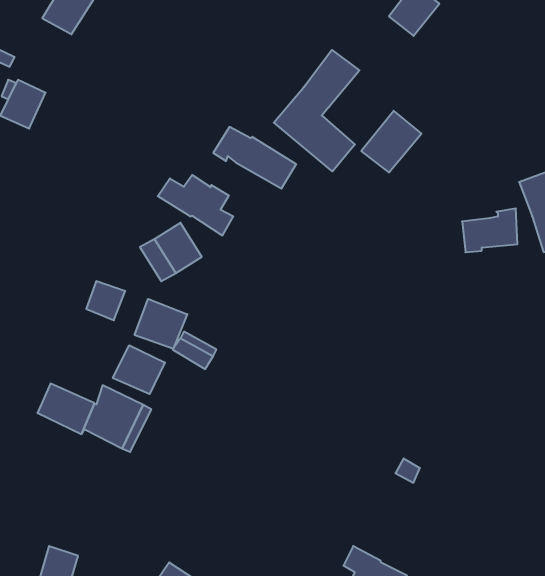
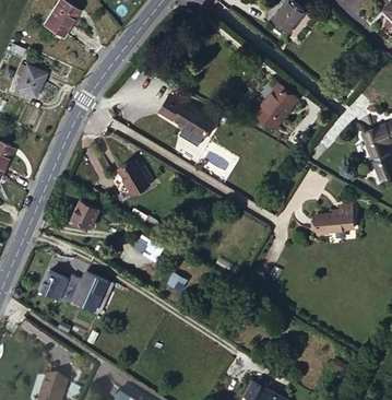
building: [274,50,359,171] -> none
building: [158,175,233,236] -> none
building: [462,208,517,252] -> [312,204,349,234]
building: [135,299,187,349] -> none
building: [113,345,165,394] -> none

